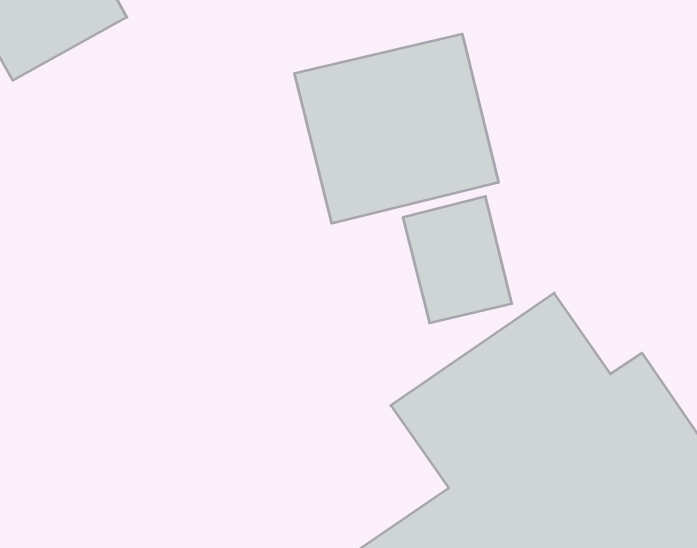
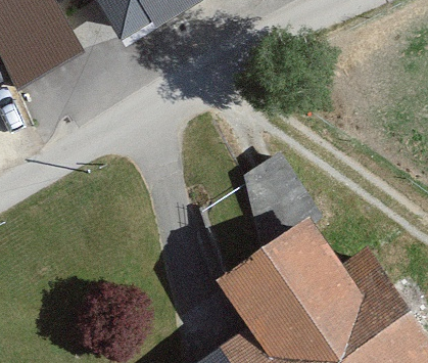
building: [295,34,498,223] -> none

